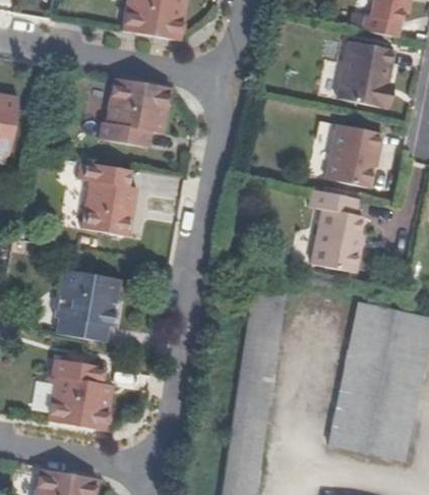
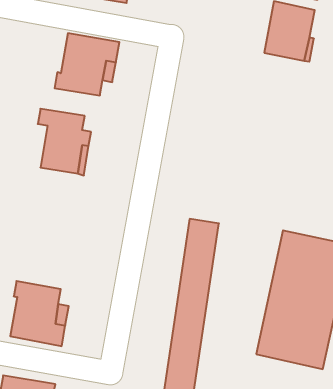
building: [326,122,384,188] -> none
building: [309,188,365,273] -> none
building: [54,269,122,342] -> none

